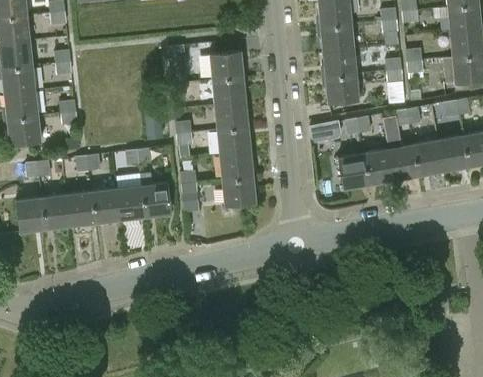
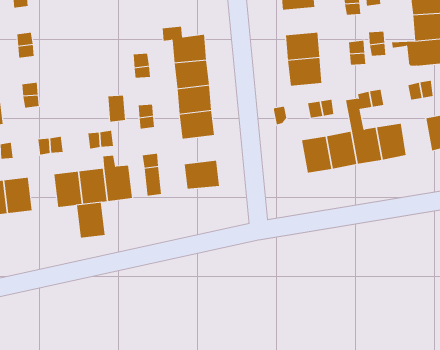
building: [319,24,355,52] -> none
building: [438,135,468,172] -> none
building: [219,152,254,181] -> none
building: [66,191,95,227] -> [76,202,105,238]

